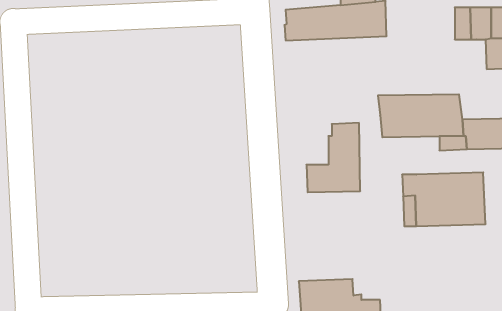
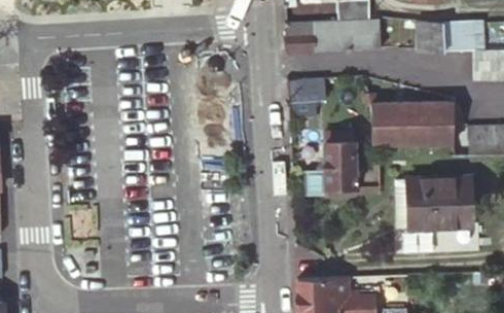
building: none -> [417,20,444,51]
building: none -> [287,78,326,118]

